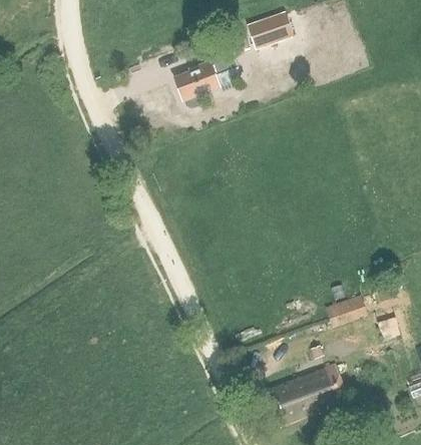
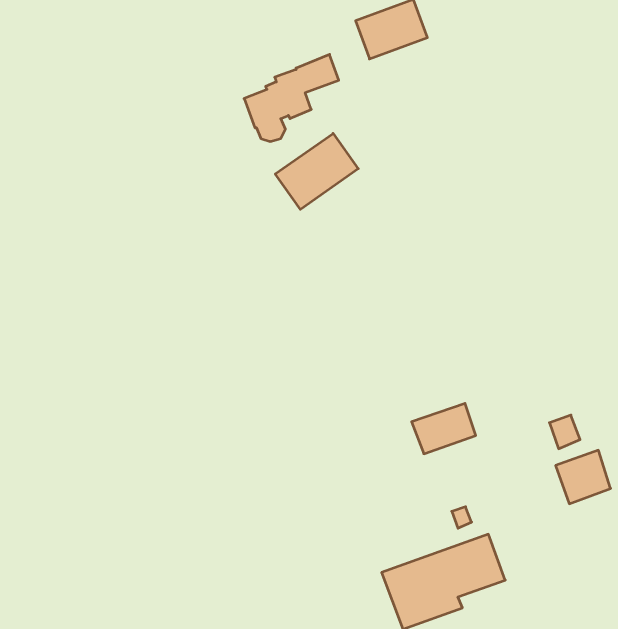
building: none -> [275,133,358,209]
building: [326,293,368,326] -> [412,403,476,454]

